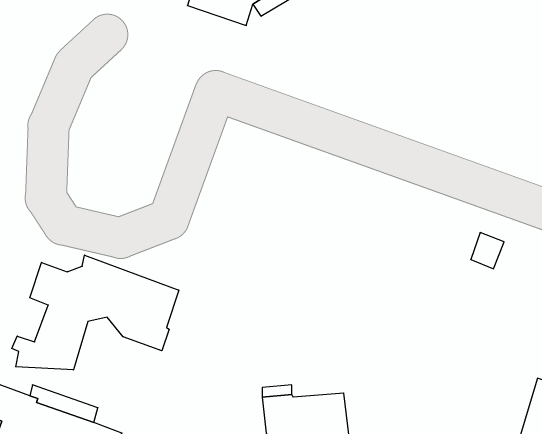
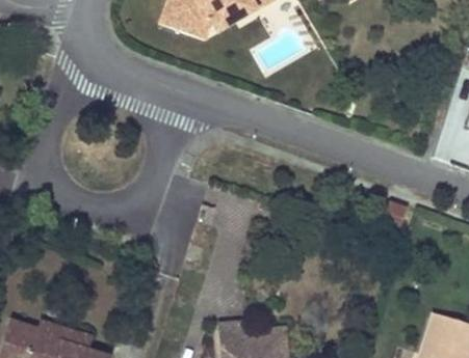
building: [12,255,179,370] -> none

